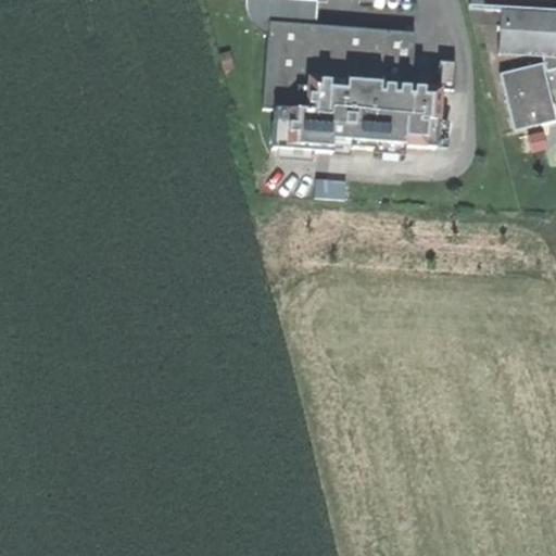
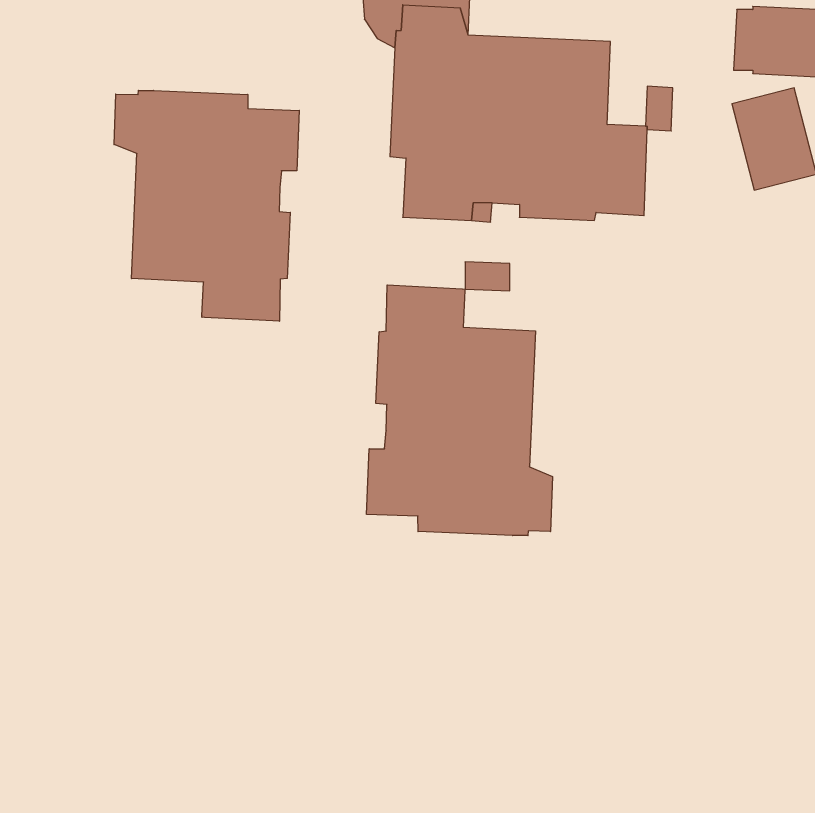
building: none -> [114,90,299,321]
building: none -> [367,285,552,536]

